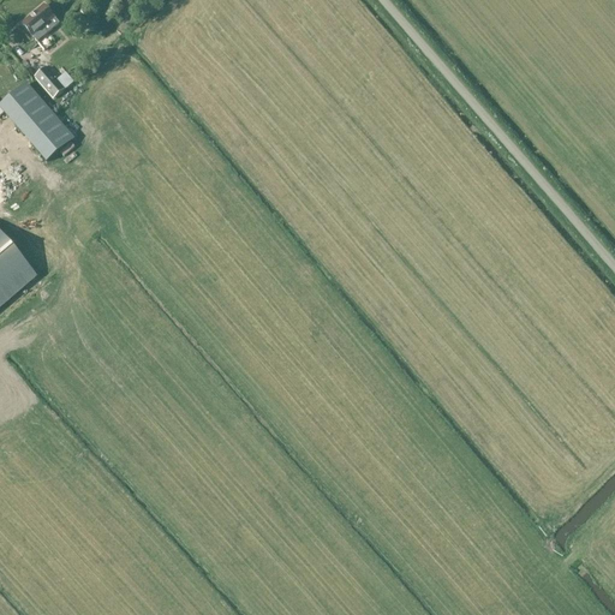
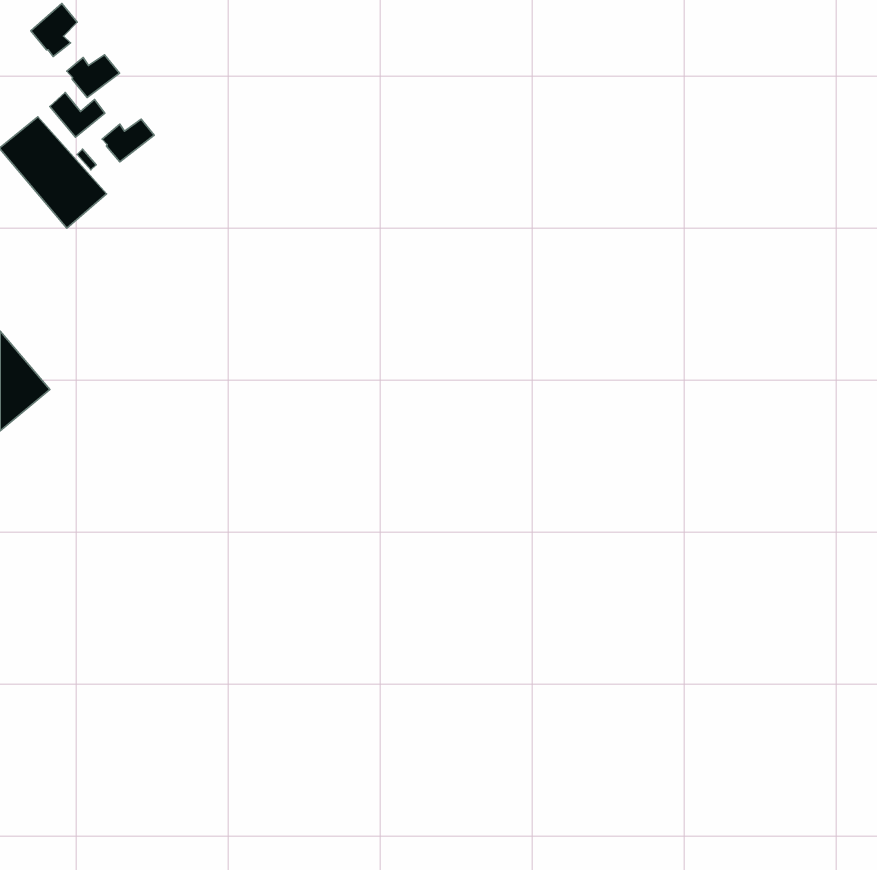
building: none -> [67,55,119,98]
building: none -> [102,119,154,162]

